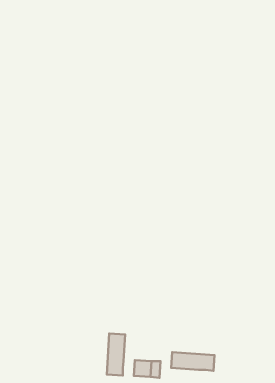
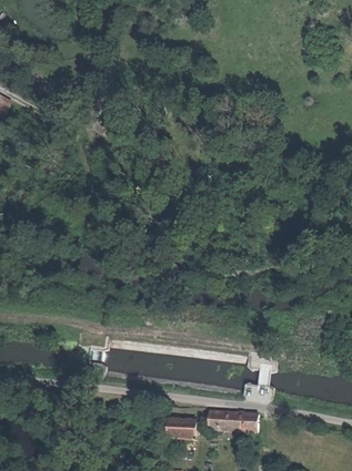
building: [107,333,125,375] -> none

